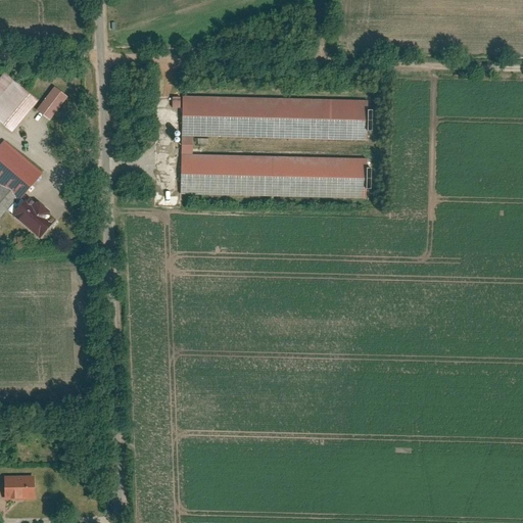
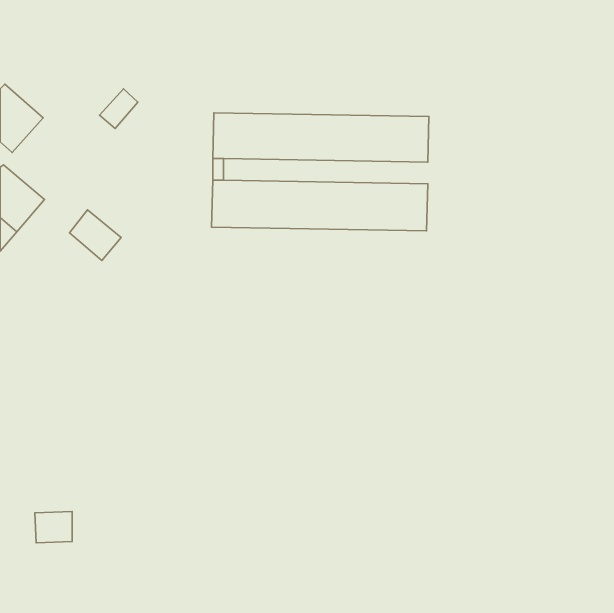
building: [34,86,66,120] -> [99,89,138,128]
building: [11,195,55,238] -> [69,210,121,260]
building: [4,474,36,501] -> [35,511,72,543]

